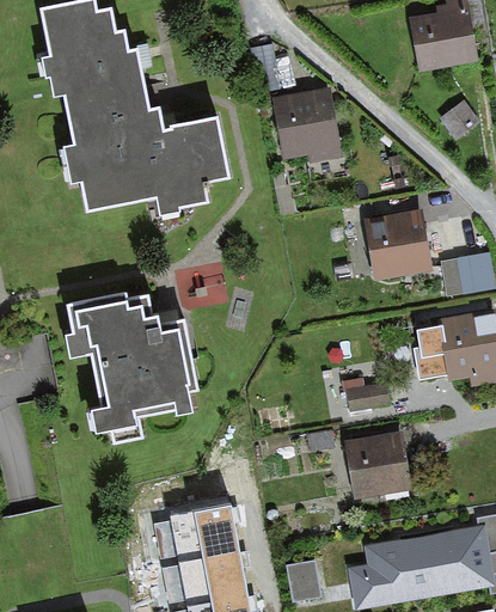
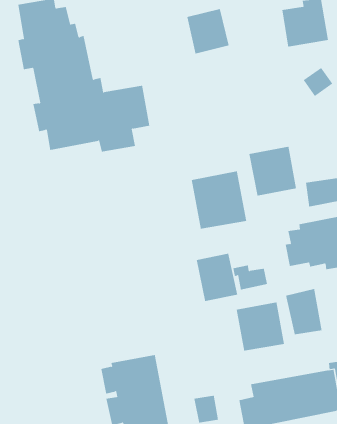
building: [274,93,335,158] -> [186,8,230,54]
building: none -> [191,171,247,230]
building: [79,305,188,448] -> none
building: none -> [196,253,238,302]
building: none -> [285,288,322,335]

